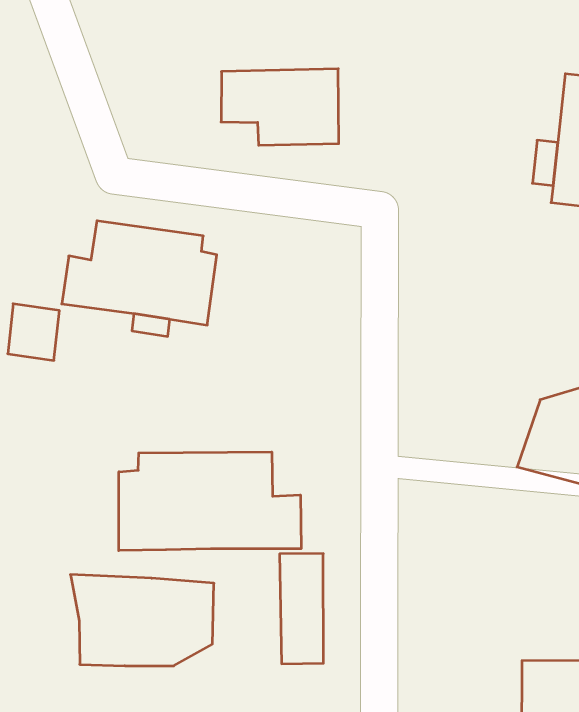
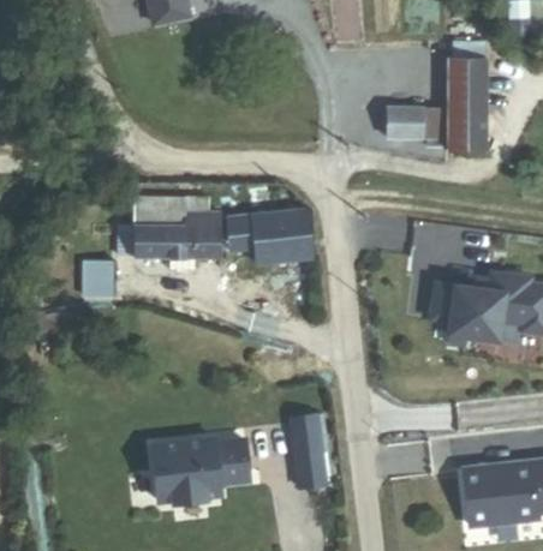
building: [221,69,339,145] -> [227,206,314,265]
building: none -> [387,107,428,138]
building: [119,452,301,551] -> none

